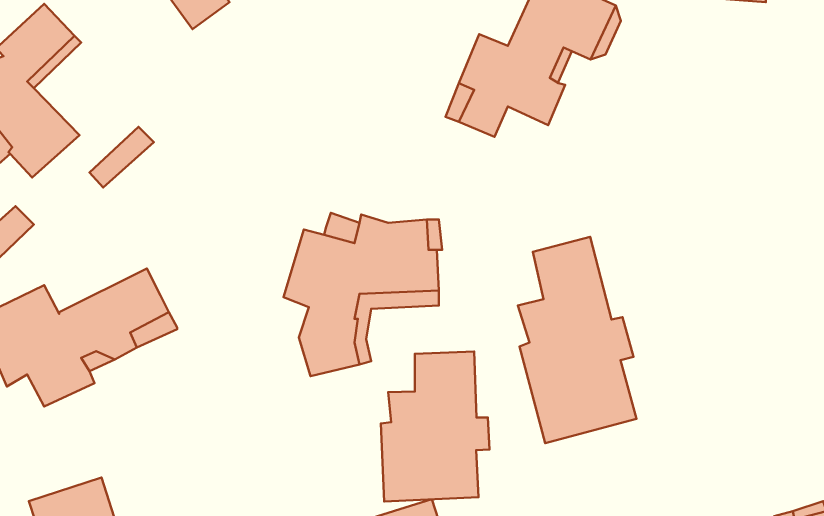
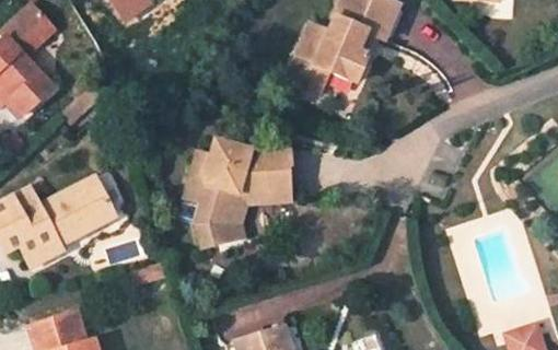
building: [518,237,636,443] -> none
building: [381,351,490,501] -> none

